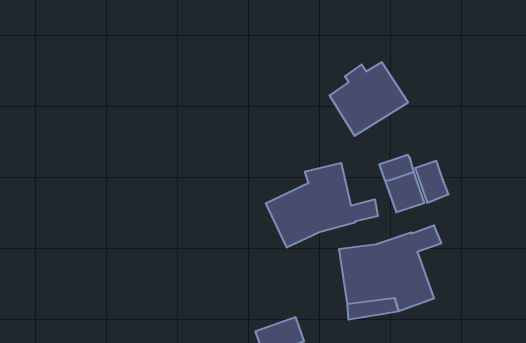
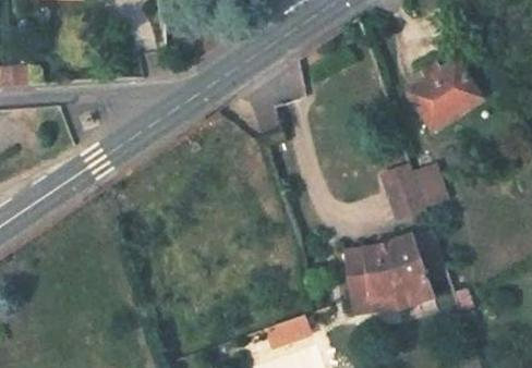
building: [329,62,408,136] -> [408,62,480,130]
building: [266,163,378,248] -> none

